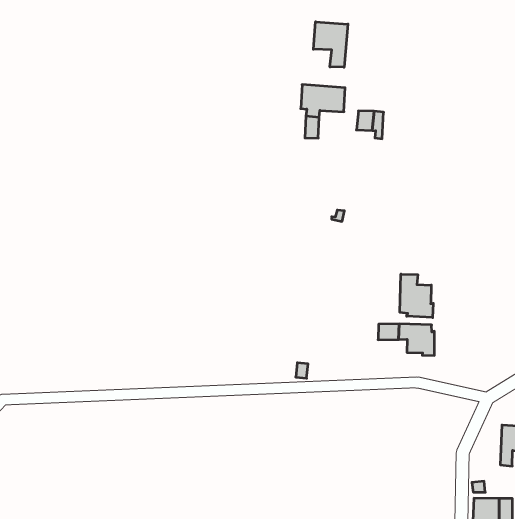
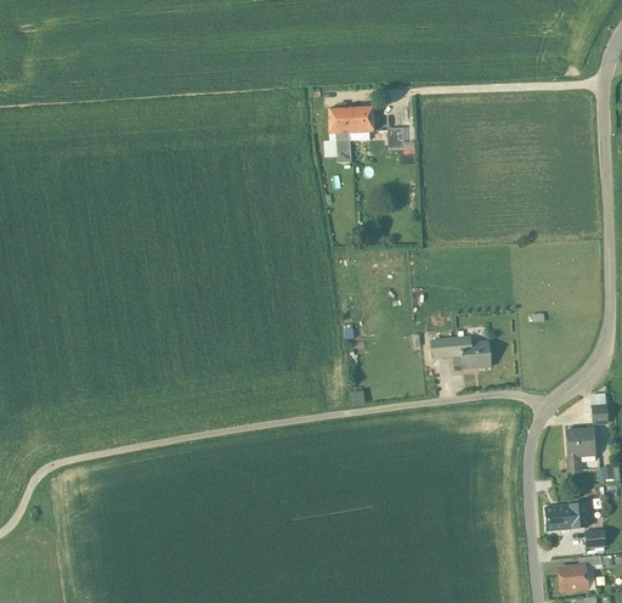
building: [313,22,348,67] -> none
building: [400,274,433,318] -> none

